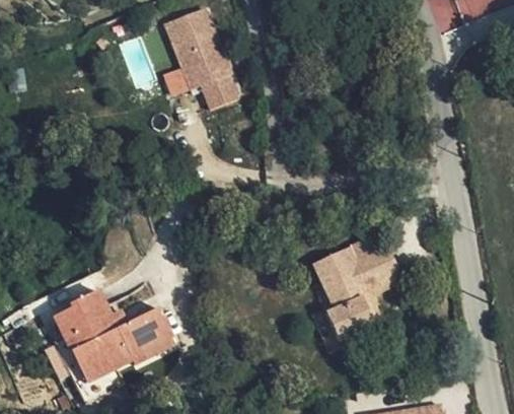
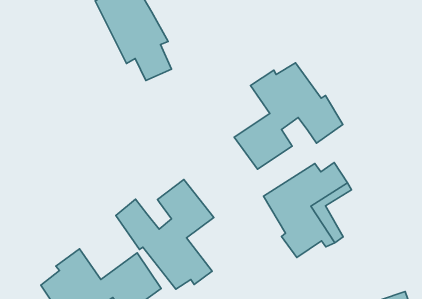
building: none -> [234,63,343,169]
building: none -> [116,179,214,289]

